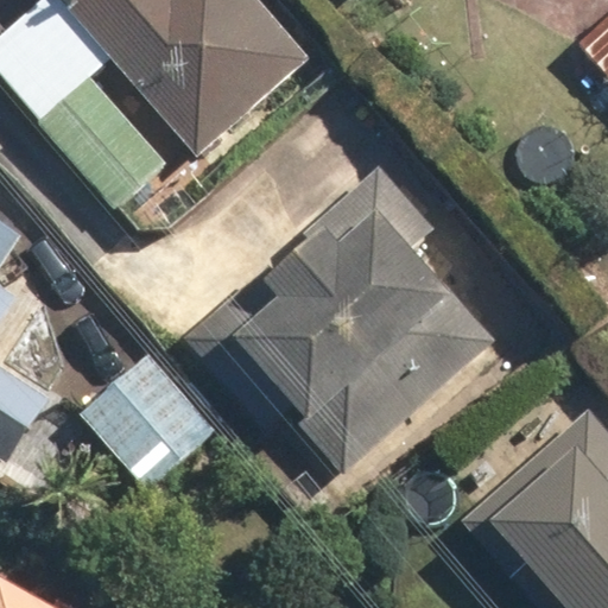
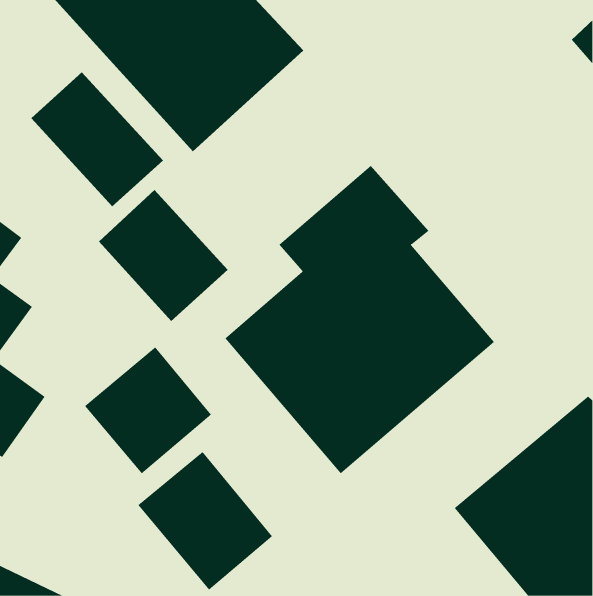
building: none -> [98,189,228,322]
building: none -> [138,451,273,590]

